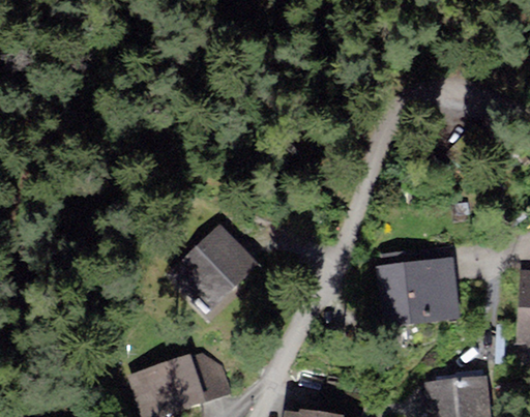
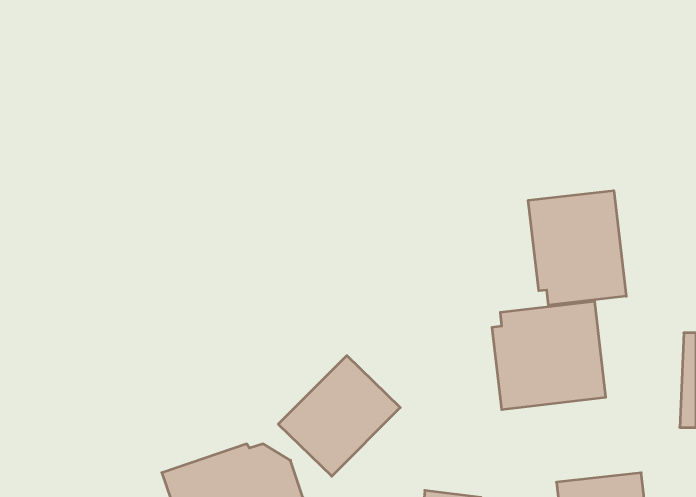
building: none -> [528,191,626,305]
building: [168,225,260,316] -> [278,356,400,476]

